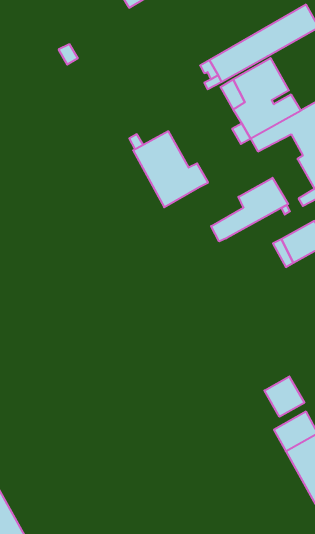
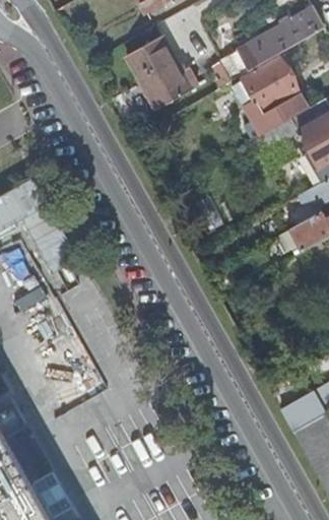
building: [133,131,208,207] -> [127,36,198,108]
building: [211,178,288,241] -> none
building: [264,376,304,417] -> none

